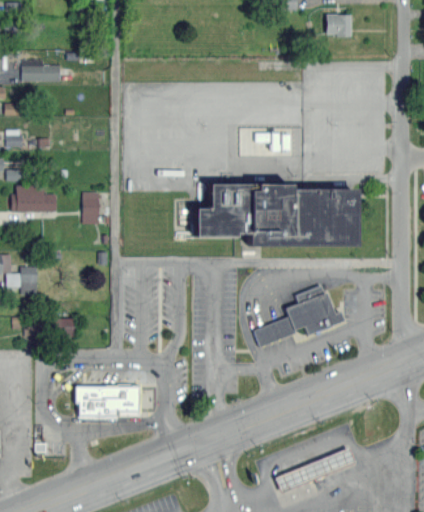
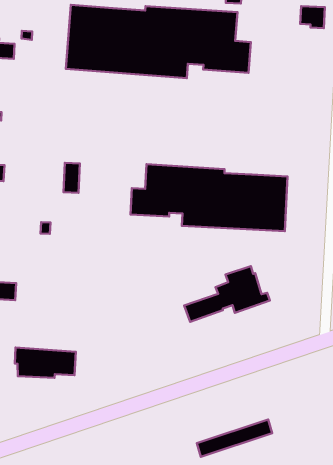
building: [326,14,351,36] -> [300,6,325,28]
building: none -> [66,5,251,78]
building: [83,192,99,223] -> [63,163,80,193]

